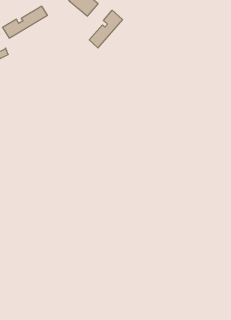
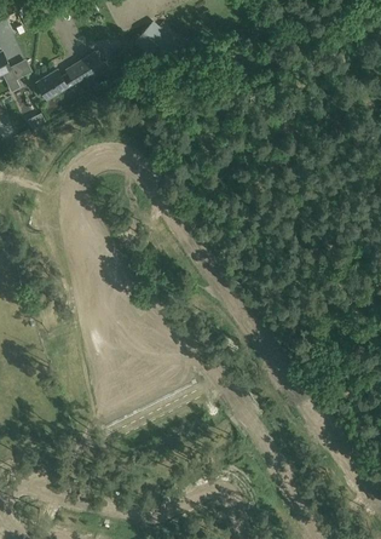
building: [89,10,123,48] -> none

